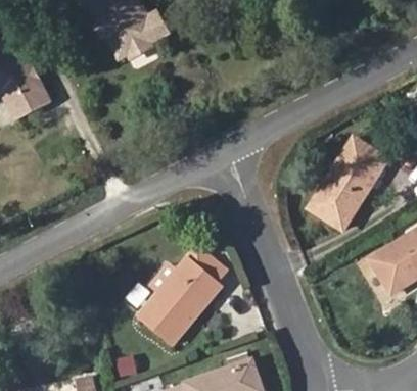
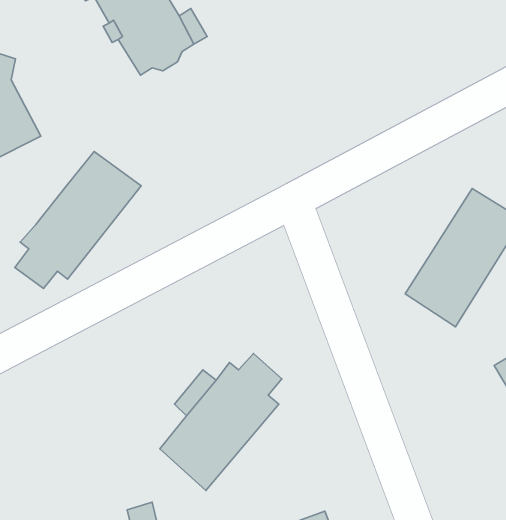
building: none -> [15,152,141,289]

